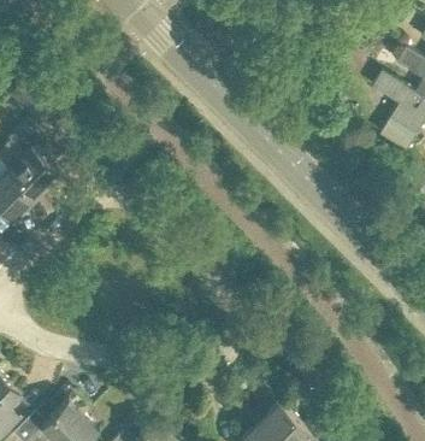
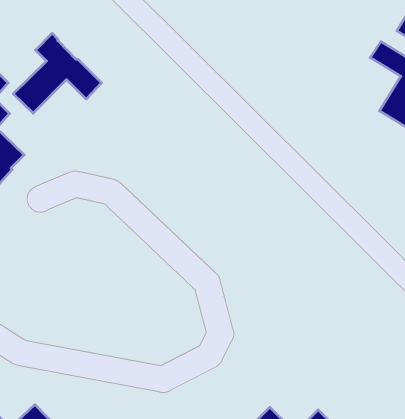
building: none -> [13,33,102,113]

